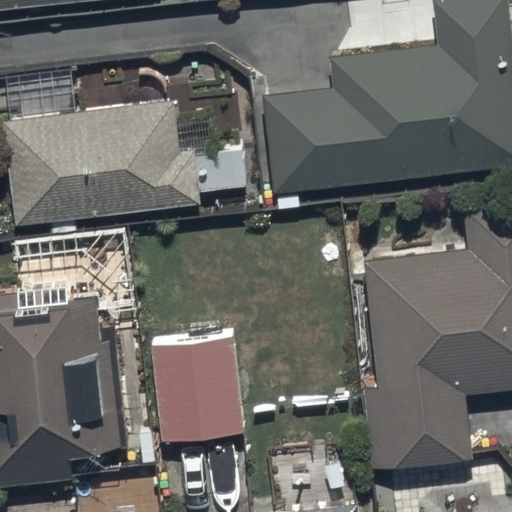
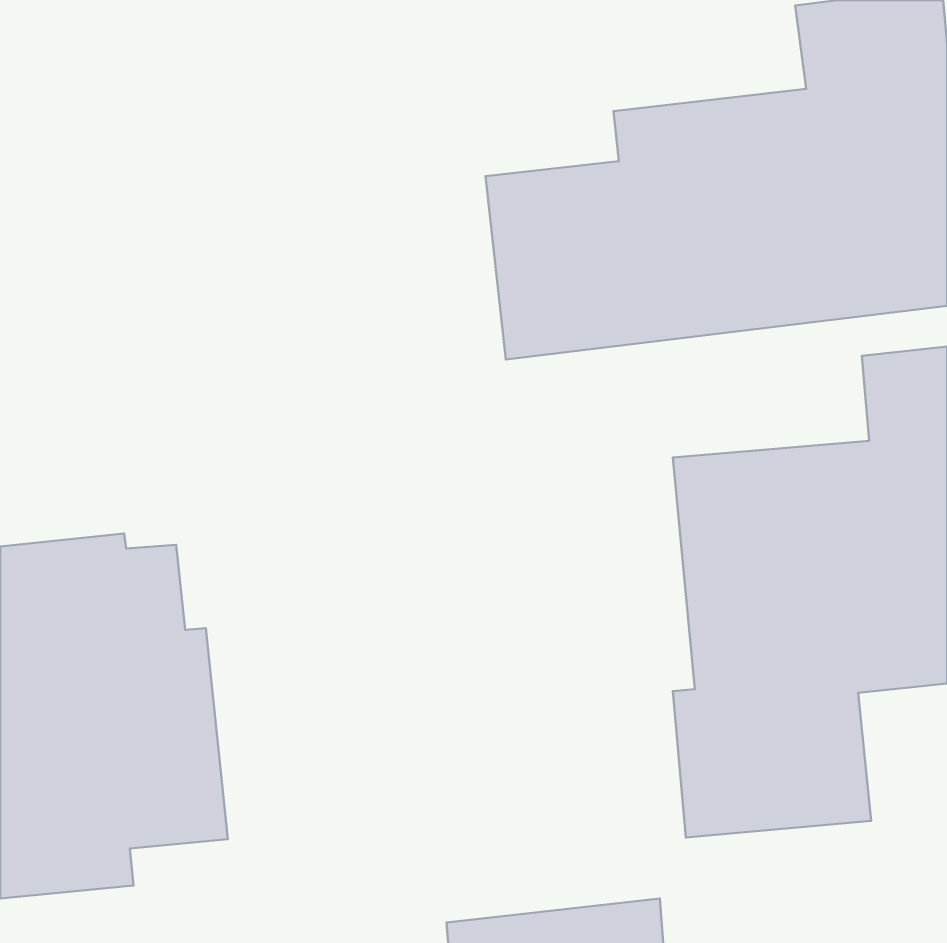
building: [6,103,248,225] -> none
building: [154,324,242,430] -> none

